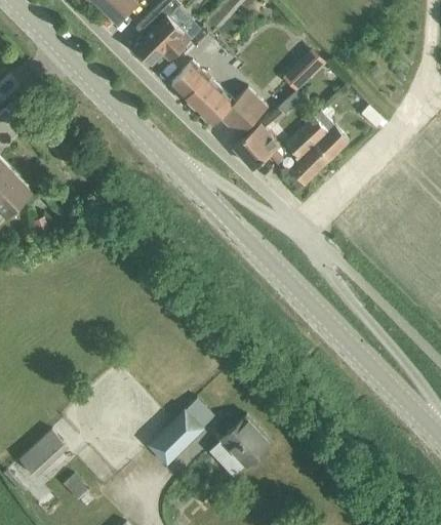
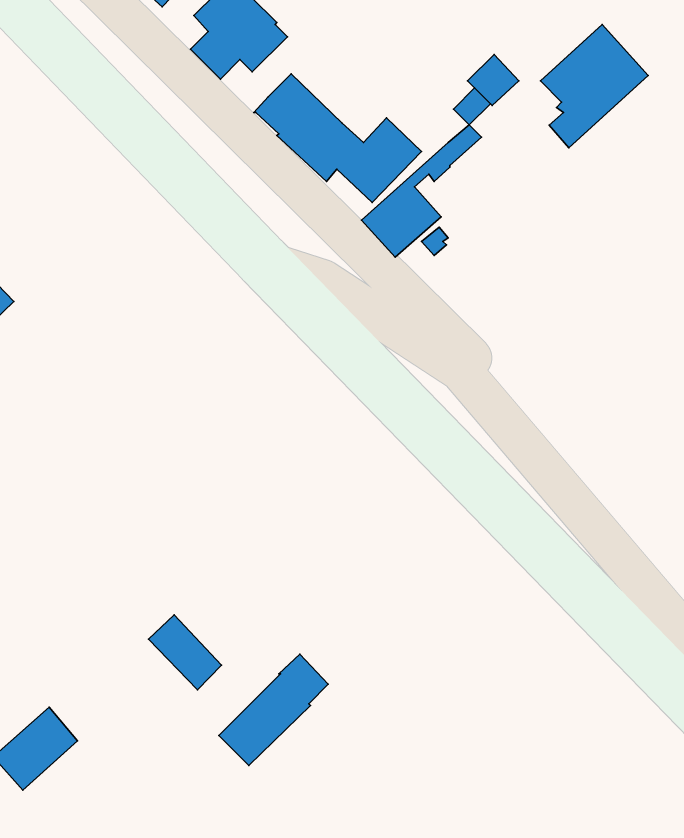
building: [285,111,348,183] -> [540,24,648,148]
building: none -> [148,615,222,690]
building: [208,415,272,478] -> none

